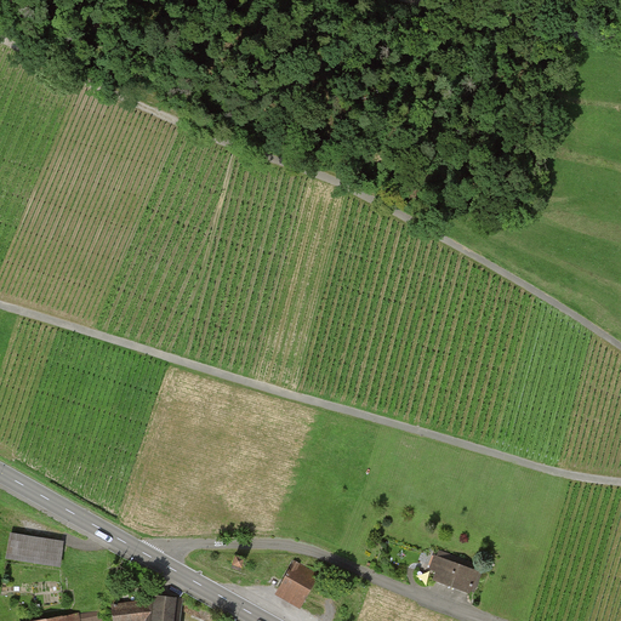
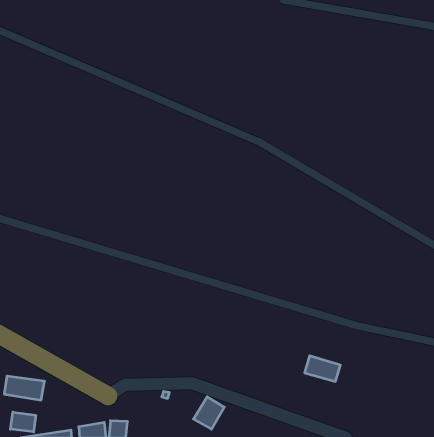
building: [428,556,479,592] -> [305,356,340,381]
building: none -> [10,412,36,432]

